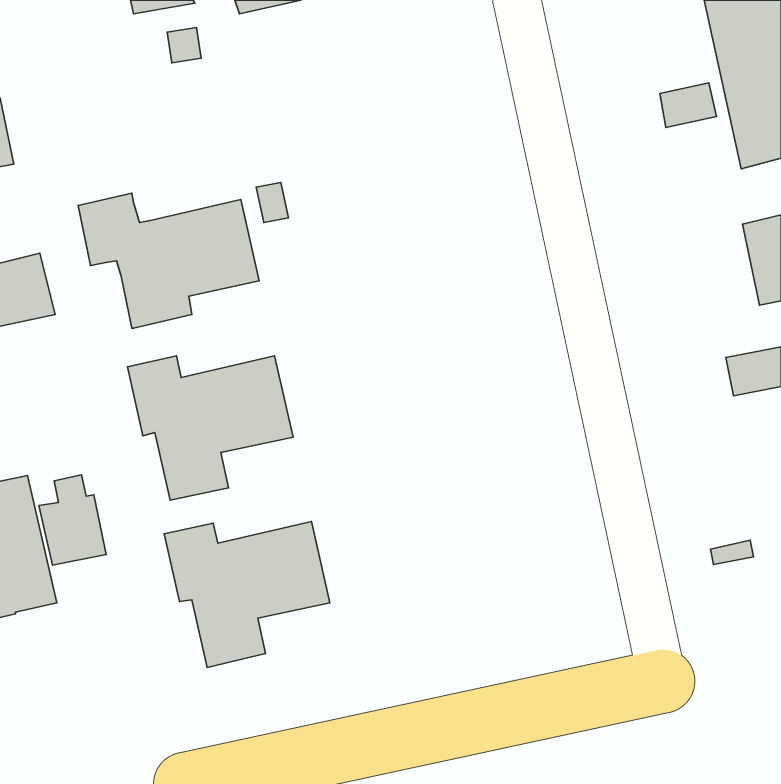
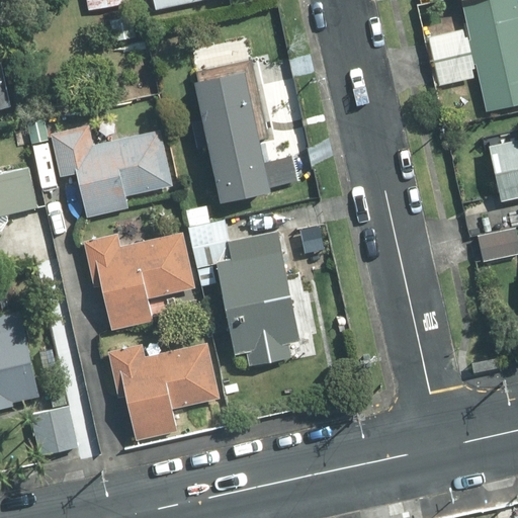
building: none -> [196,74,297,202]
building: none -> [188,221,298,365]
building: [39,475,106,565] -> [31,395,76,454]

